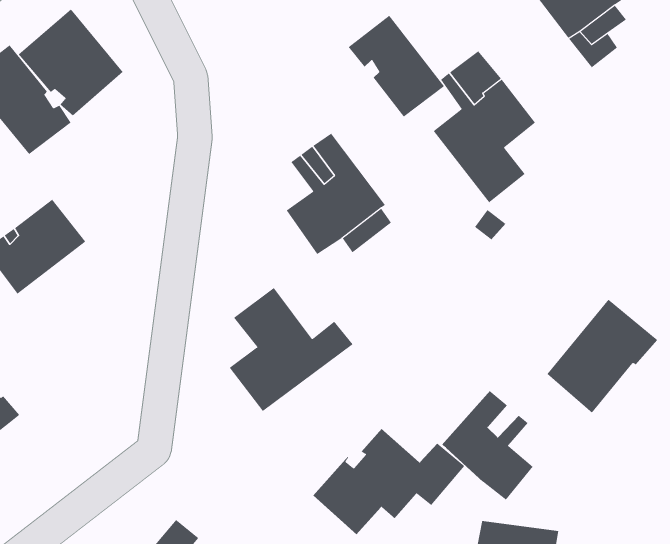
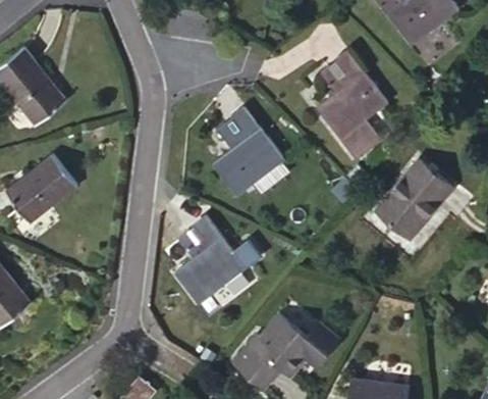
building: [18,8,123,117] -> none
building: [348,15,445,117] -> none
building: [547,299,658,414] -> [376,156,453,236]
building: [441,390,533,500] -> none

